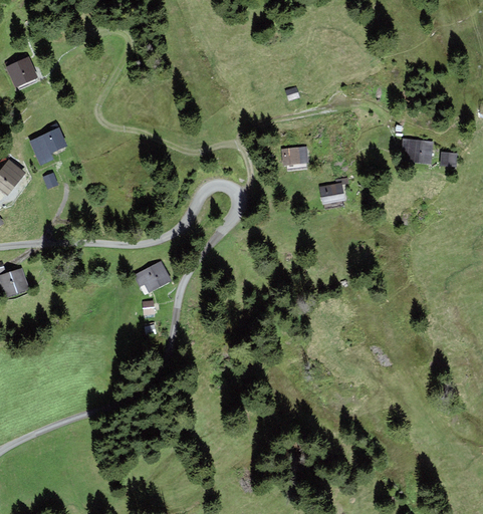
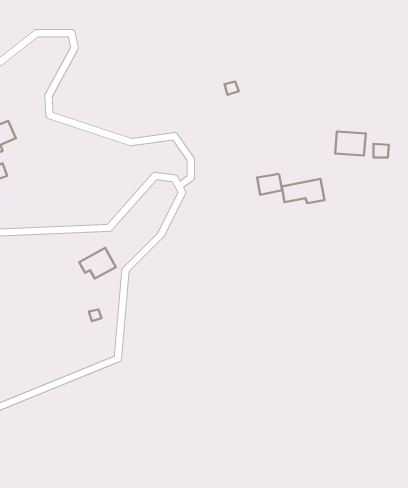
building: [281,146,308,166] -> none
building: none -> [282,179,324,203]

